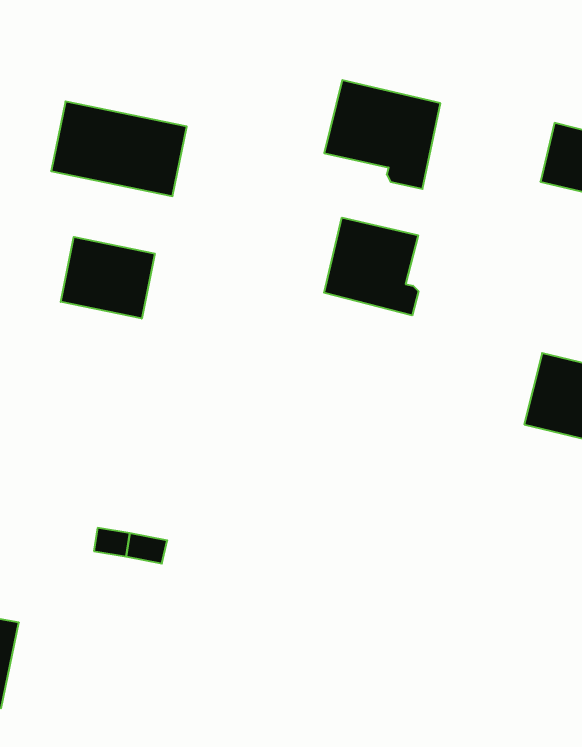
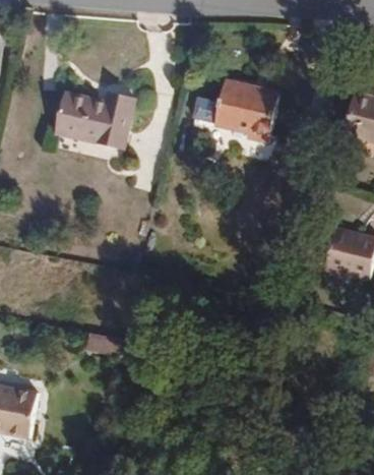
building: [324,218,418,315] -> none
building: [61,237,155,319] -> none

